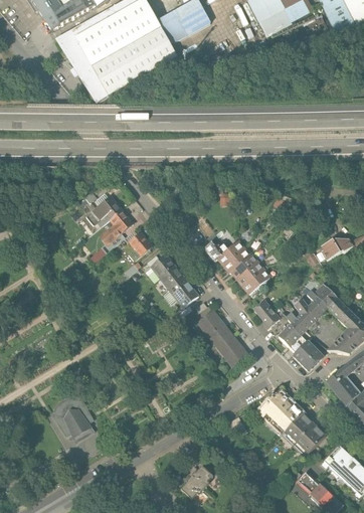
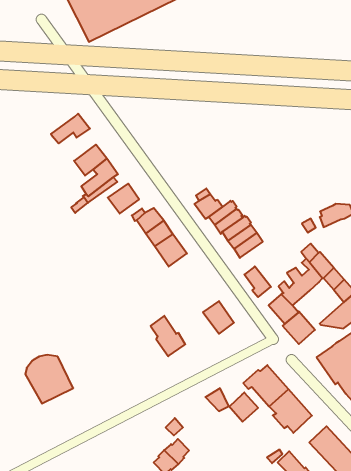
building: none -> [51,114,90,143]
building: [199,309,232,346] -> [151,316,185,356]
building: none -> [229,392,258,422]

